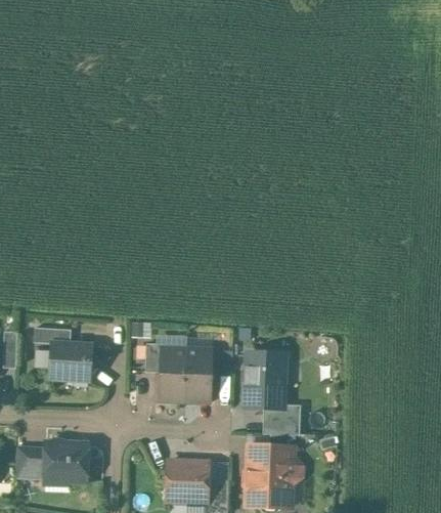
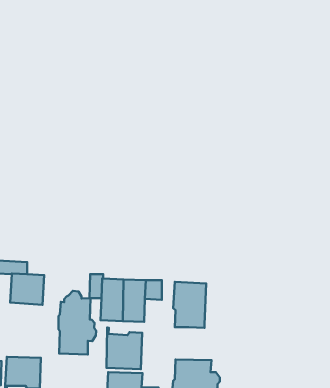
building: none -> [58,291,96,355]
building: [262,403,300,435] -> none
building: none -> [106,328,142,369]

